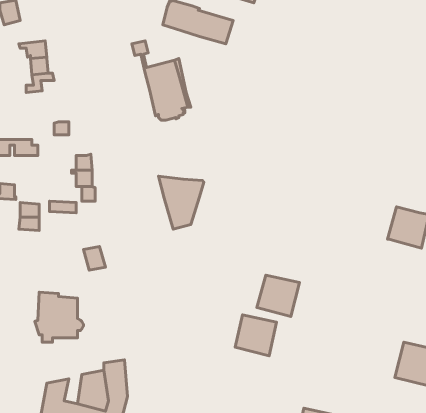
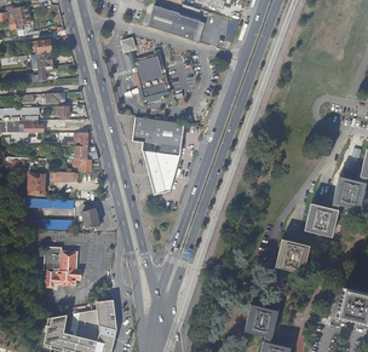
building: none -> [132,116,183,154]
building: none -> [304,202,339,236]
building: [257,275,300,316] -> [275,238,310,272]
building: [235,315,276,356] -> [245,304,278,337]

